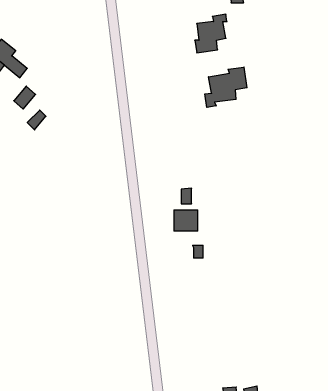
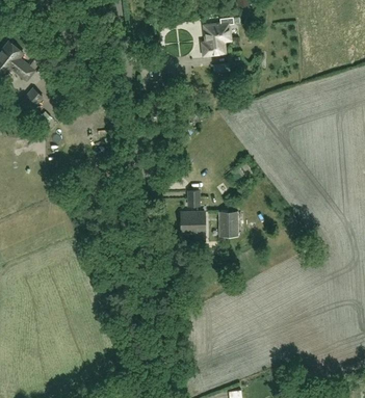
building: [205,67,247,107] -> none
building: none -> [218,211,237,237]

